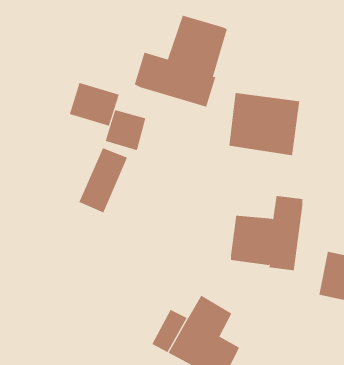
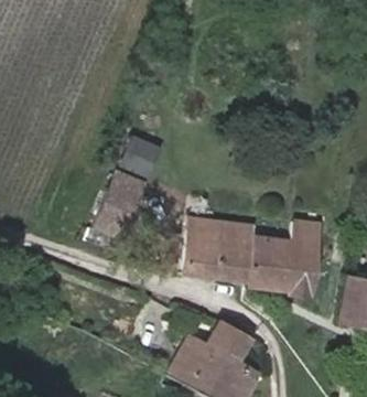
building: [134,15,228,108] -> none
building: [69,82,119,126] -> none
building: [228,92,300,156] -> [183,217,256,281]

